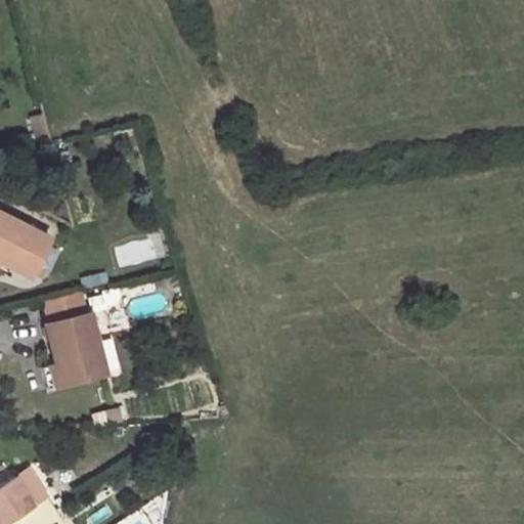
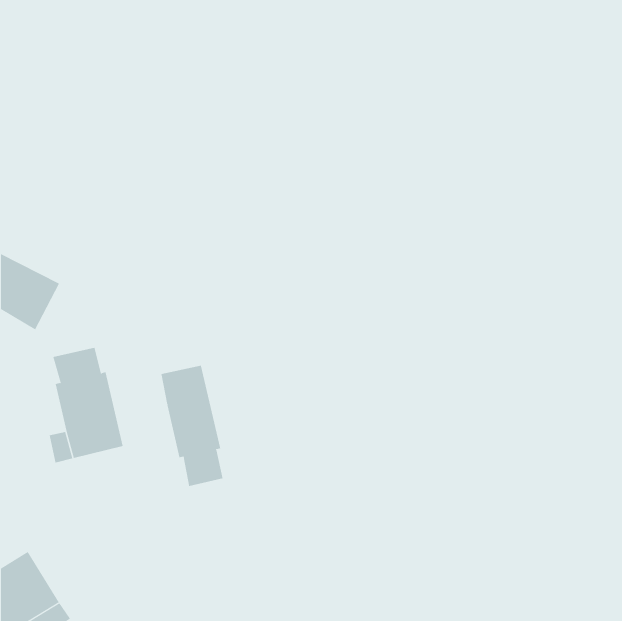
building: none -> [161,365,223,487]

